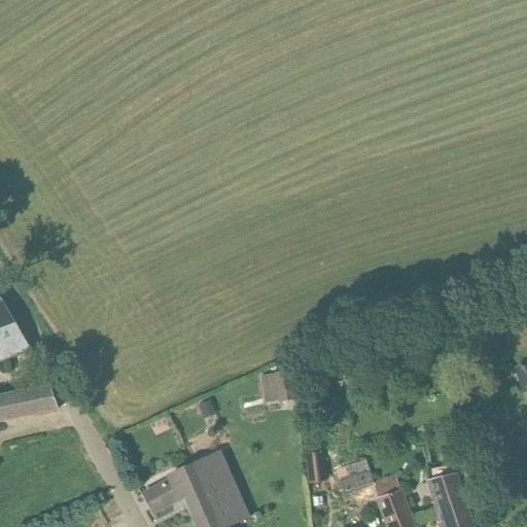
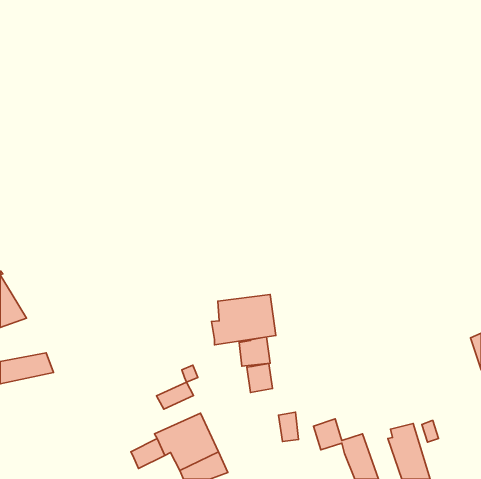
building: none -> [212,294,276,345]
building: none -> [247,363,272,392]
building: none -> [157,382,194,409]

